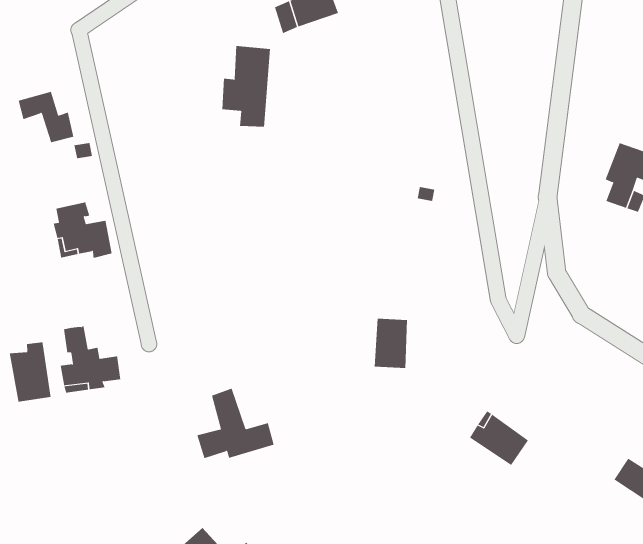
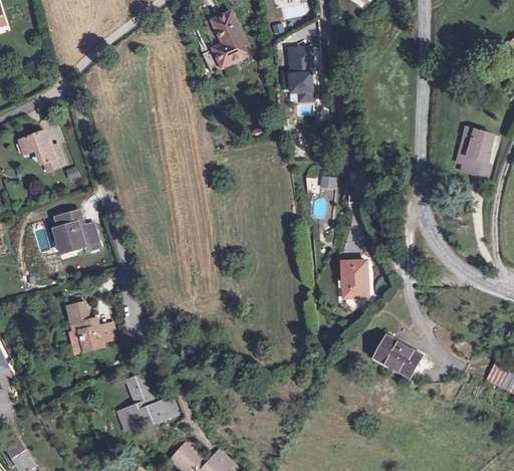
building: [222,45,271,127] -> [280,44,314,103]
building: [374,318,408,369] -> [342,260,367,297]
building: [9,341,51,403] -> none
building: [197,388,275,459] -> [119,374,178,428]

